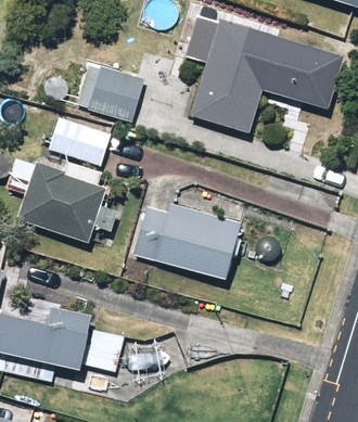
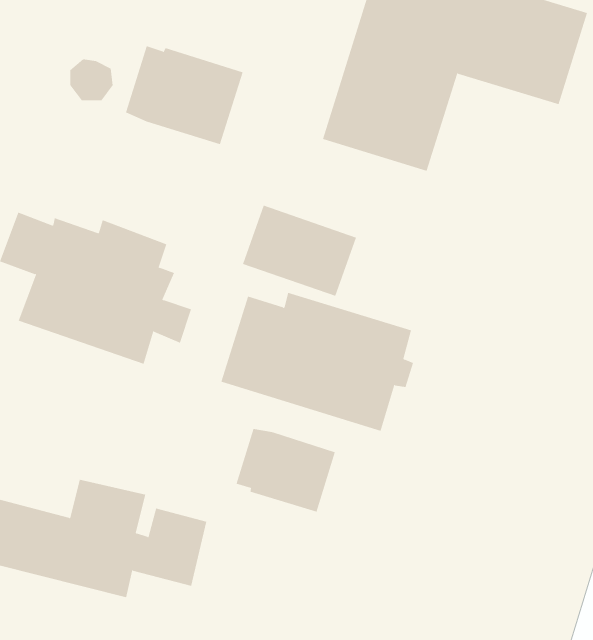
building: [48,113,113,165] -> [242,205,357,297]
building: none -> [236,428,336,513]

